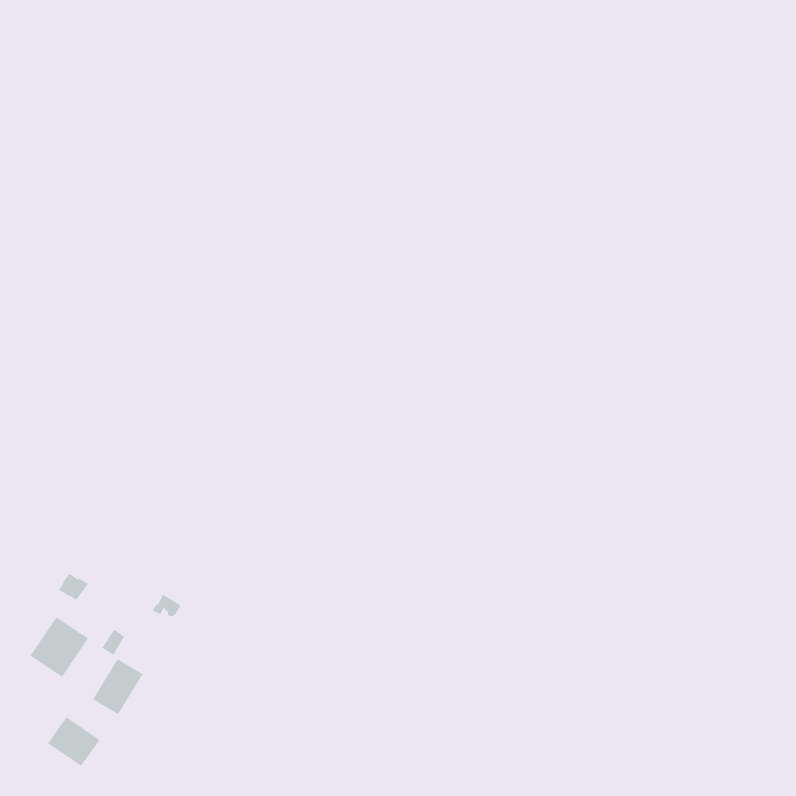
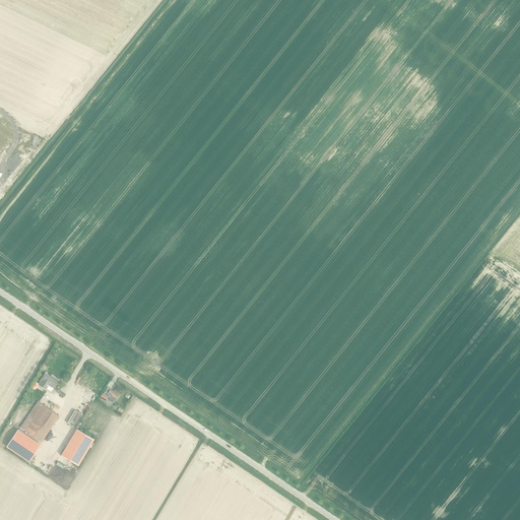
building: [47,717,100,767] -> [5,429,40,461]

